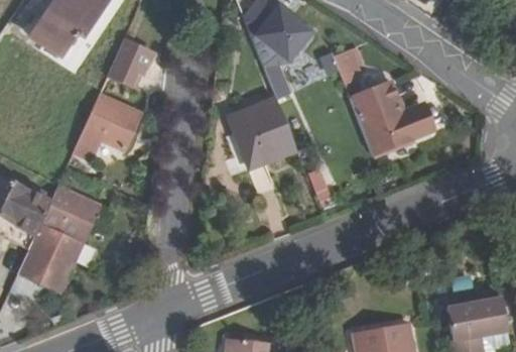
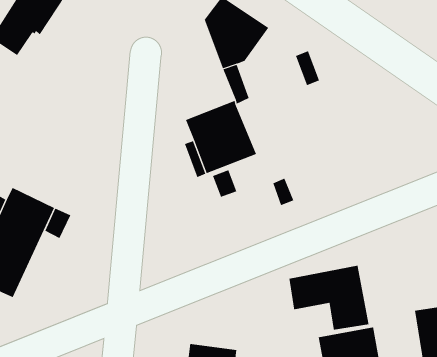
building: [107,40,151,90] -> none
building: [349,84,427,157] -> none
building: [73,95,139,160] -> none
building: none -> [289,265,369,331]

